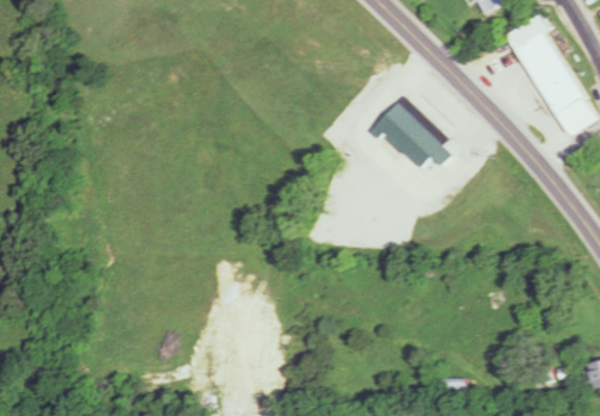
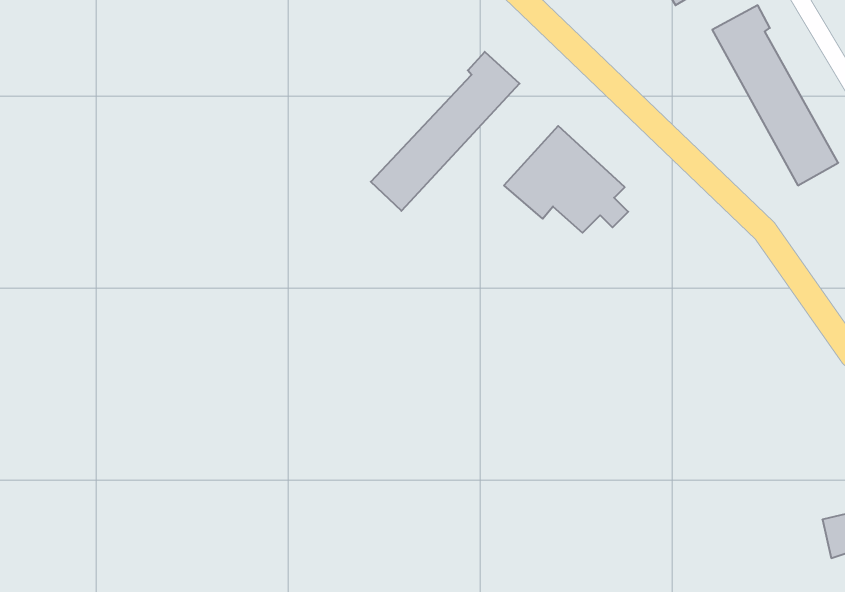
building: none -> [371,52,520,211]

